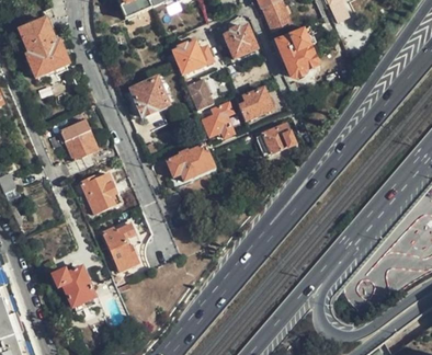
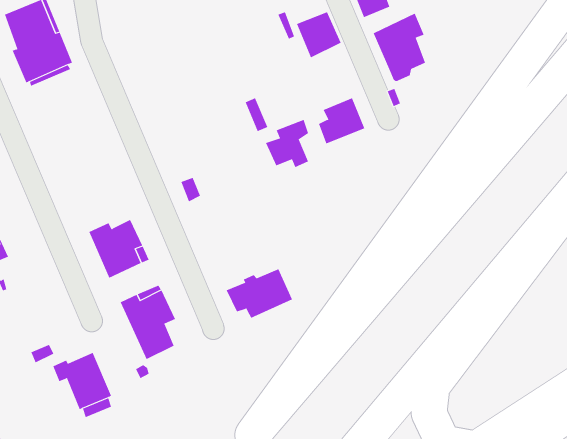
building: [171,38,212,72] -> none
building: [132,77,168,115] -> none
building: [60,117,98,174] -> none
building: [263,122,296,152] -> none
building: [167,144,214,179] -> [226,268,293,318]

